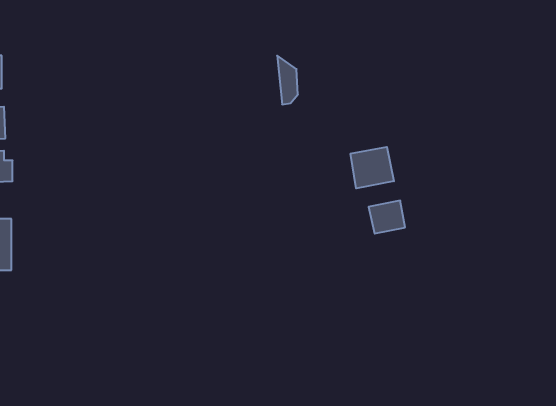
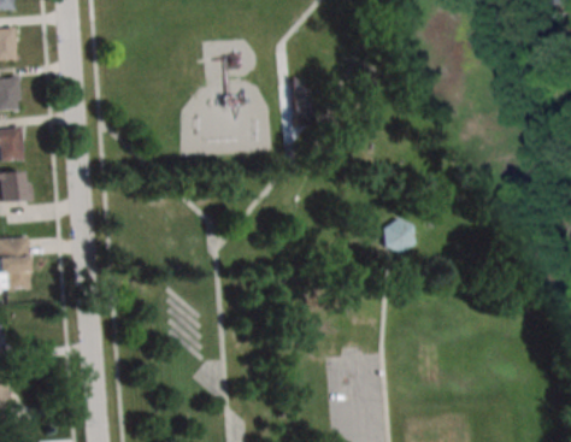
building: [351,147,394,188] -> none

